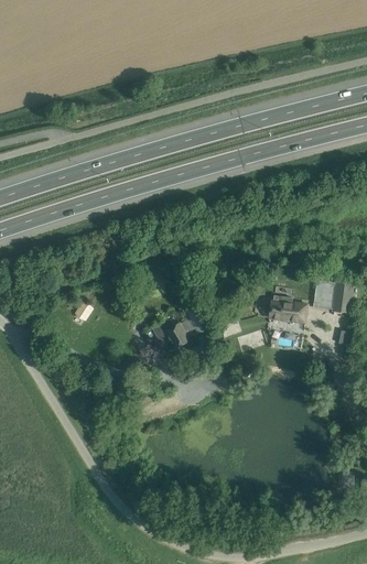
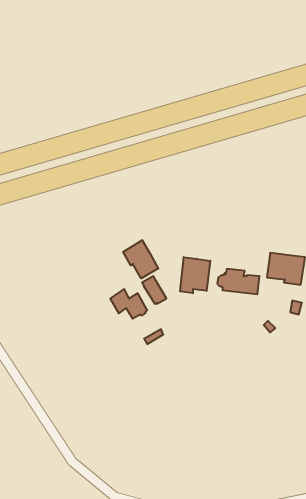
building: none -> [123,240,158,278]
building: none -> [180,257,210,293]

